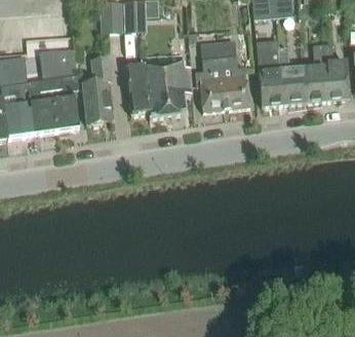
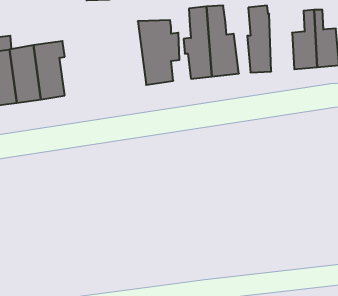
building: [280,45,305,103] -> none
building: [41,48,77,77] -> none
building: [126,53,159,117] -> none
building: [83,54,113,124] -> none

